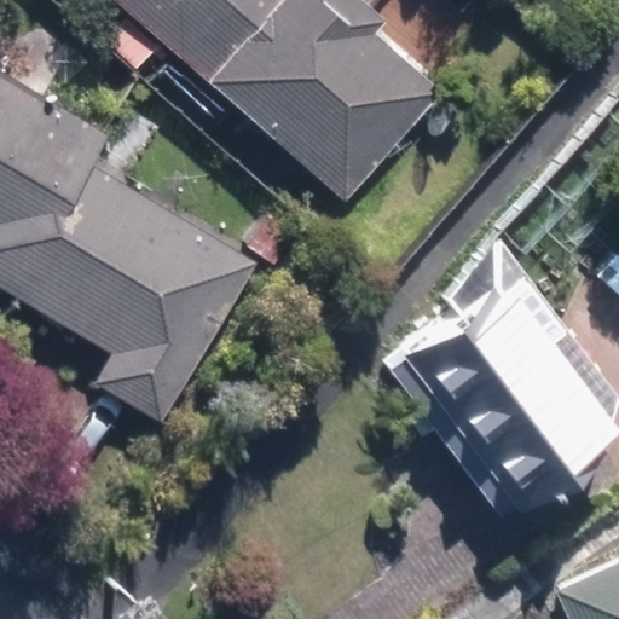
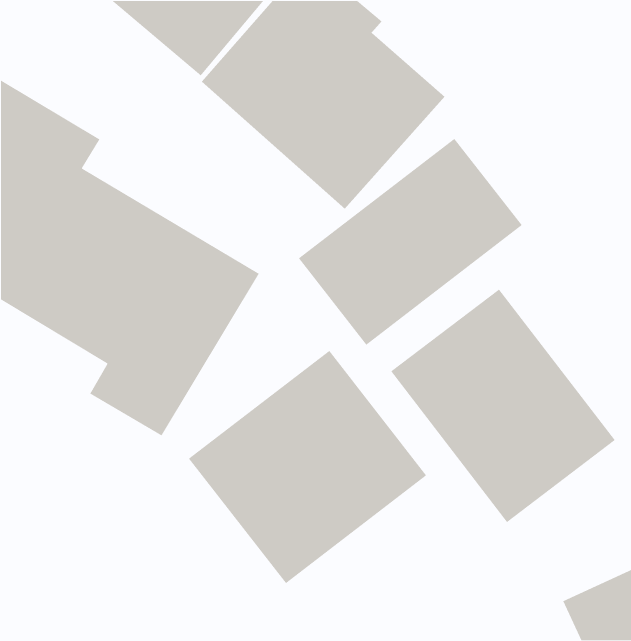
building: none -> [298,138,523,346]
building: none -> [188,350,427,584]

